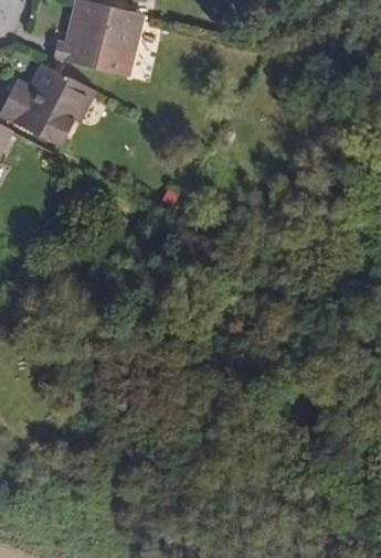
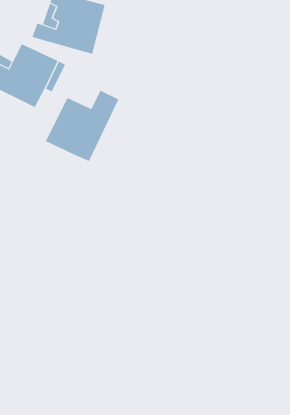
building: none -> [45,90,119,162]

